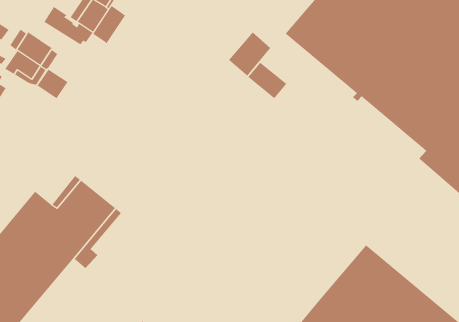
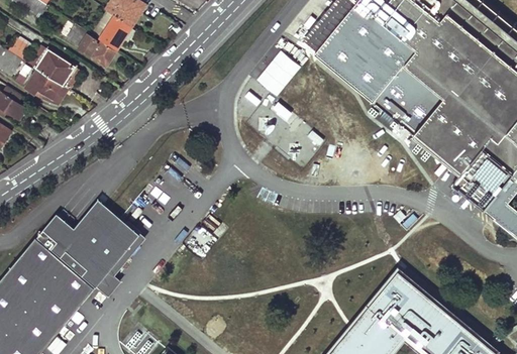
building: [92,5,126,44] -> none
building: [248,62,287,99] -> none
building: [37,69,68,99] -> none

